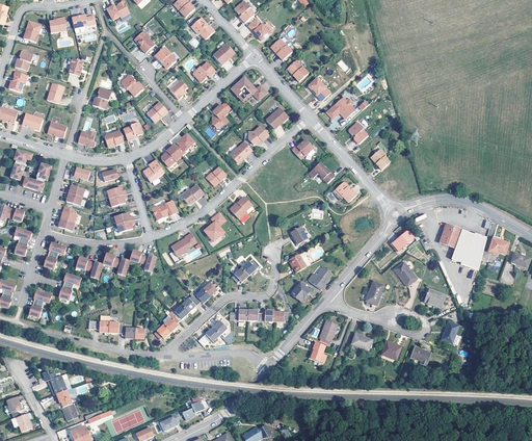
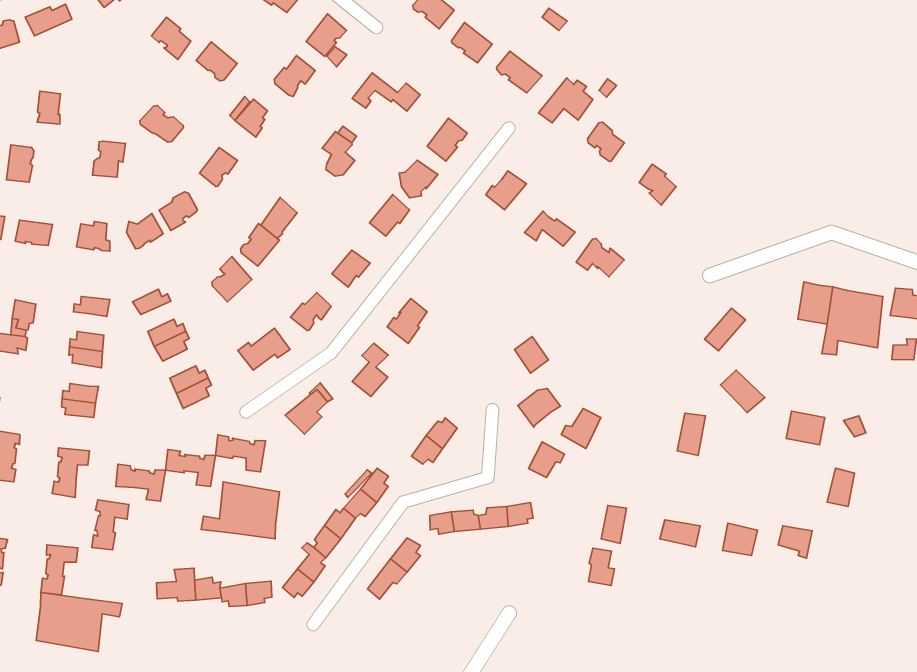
building: none -> [201,482,279,539]
building: none -> [36,592,122,652]

